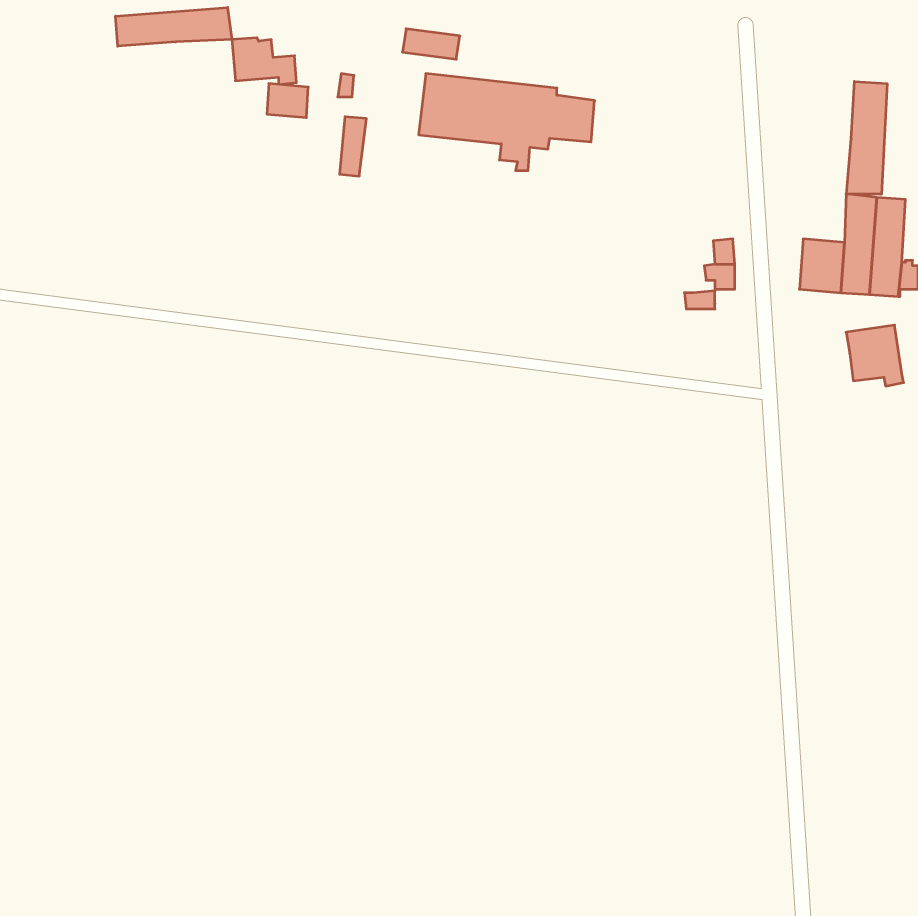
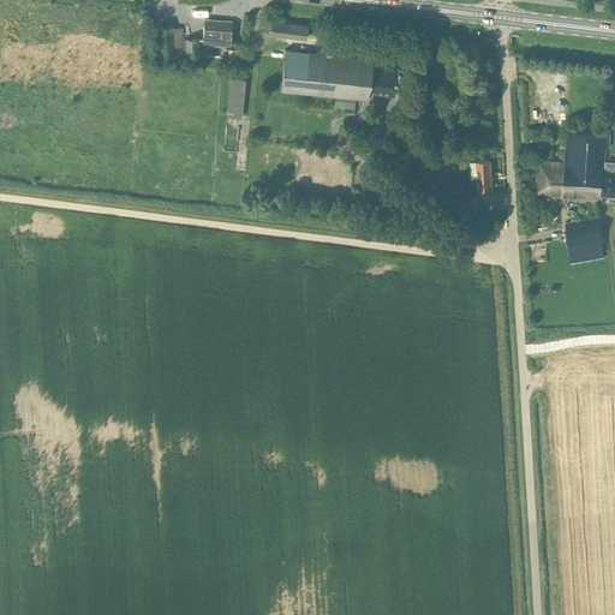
building: [116,7,232,46] -> none
building: [846,81,887,194] -> none
building: [267,84,308,118] -> [203,20,231,43]

